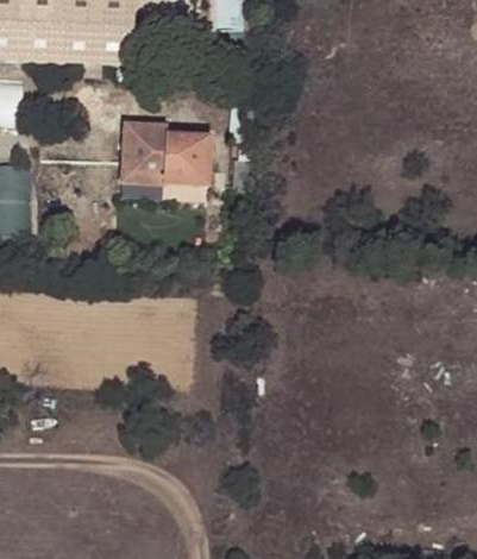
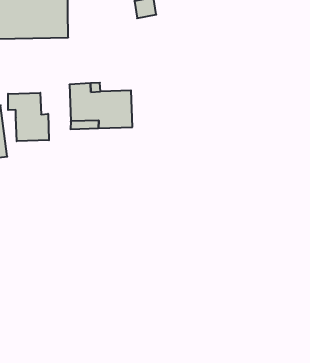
building: none -> [8,93,49,141]

